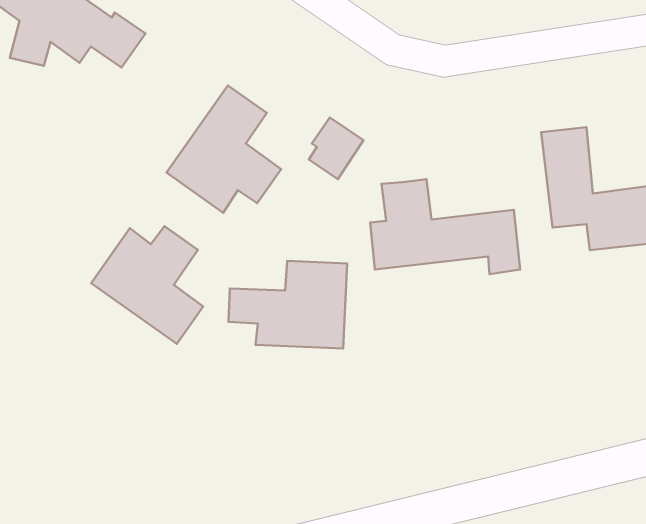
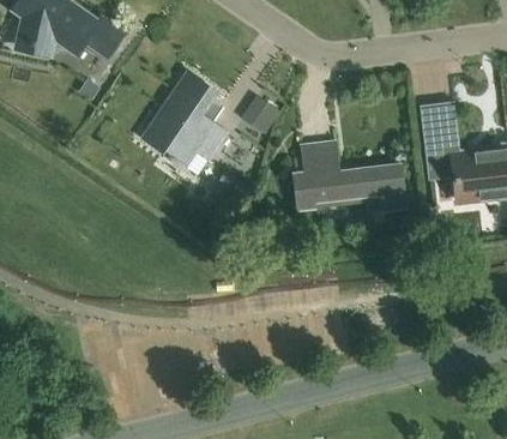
building: [91,226,203,344] -> none
building: [229,261,347,348] -> none

